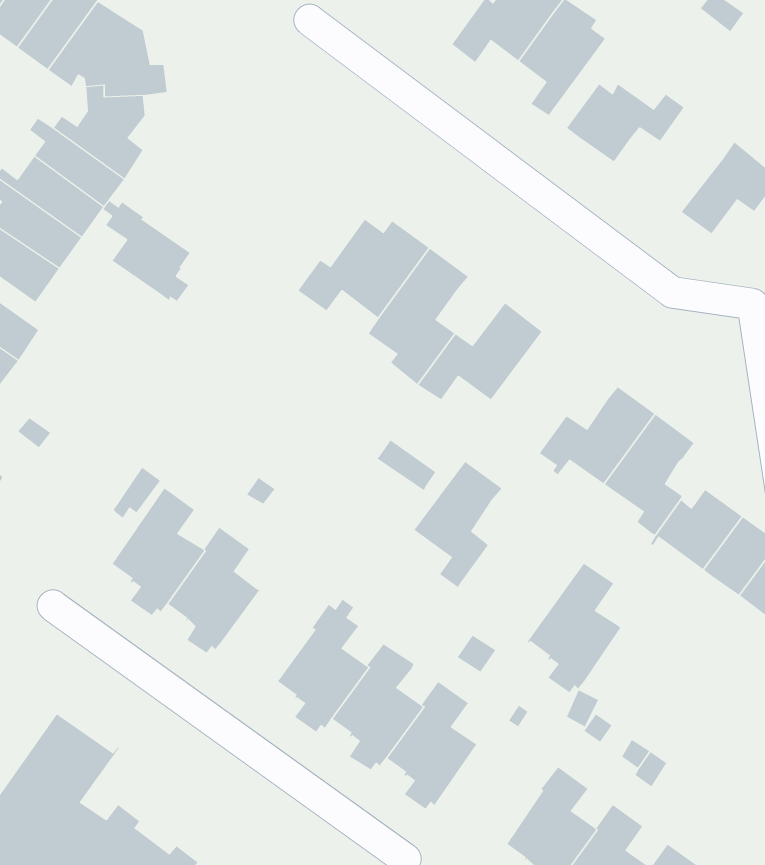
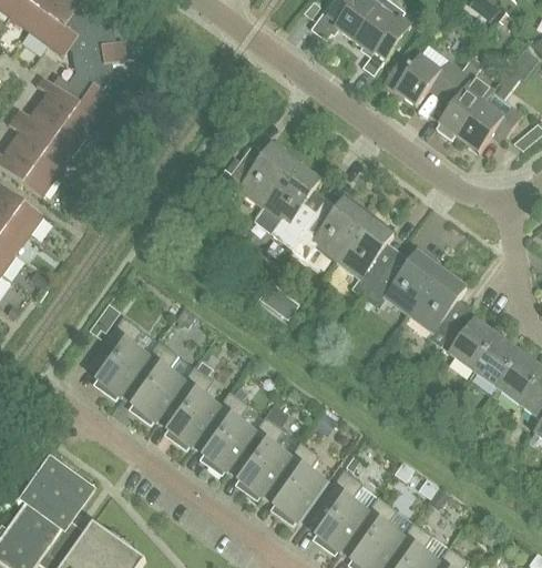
building: none -> [436,57,495,140]
building: [103,200,190,302] -> none
building: [414,461,503,588] -> [335,215,392,297]
building: [527,563,621,693] -> [307,470,368,555]
building: none -> [161,366,221,449]

